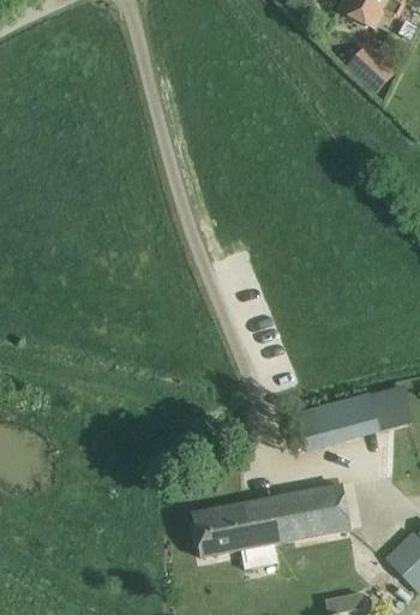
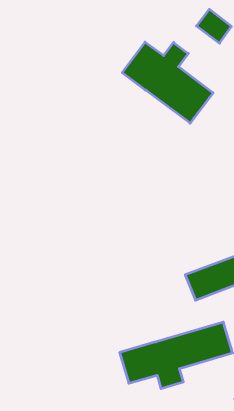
building: none -> [122,42,213,123]

